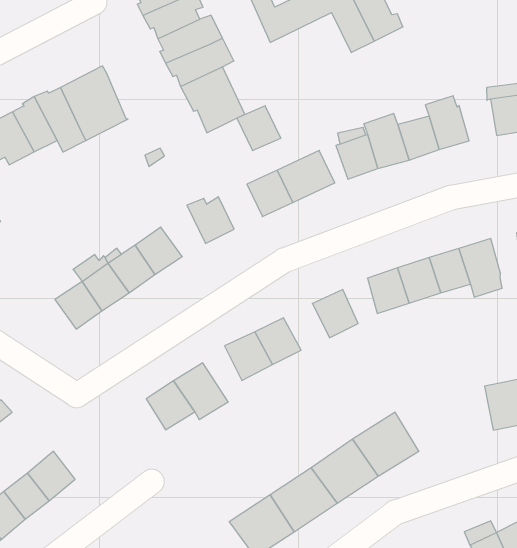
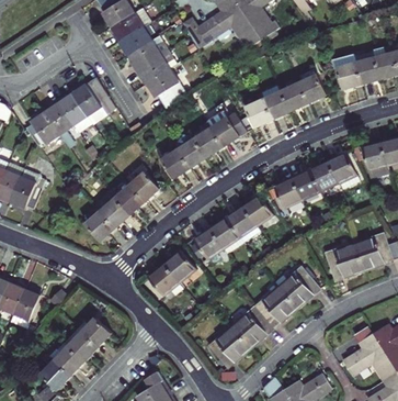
building: [237,106,281,151] -> [177,138,205,167]
building: none -> [226,207,259,242]
building: none -> [325,244,363,280]

